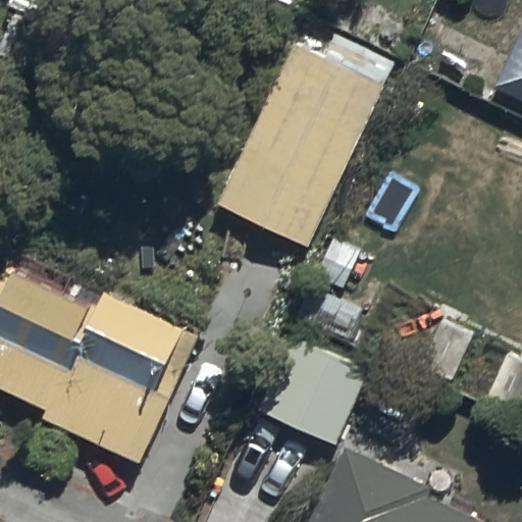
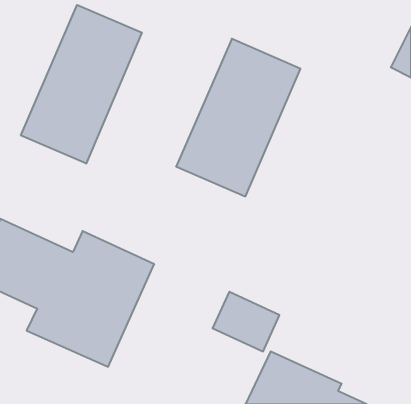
building: none -> [21,5,142,164]

